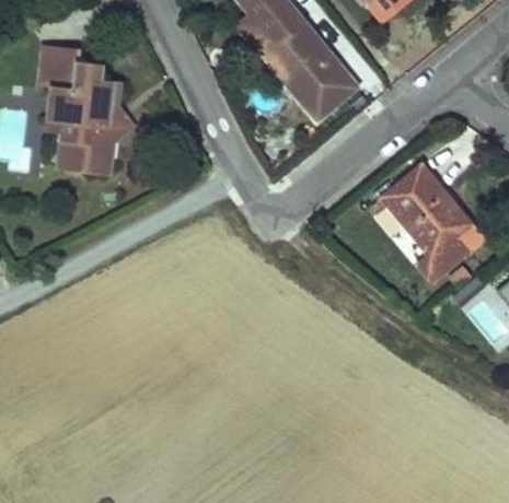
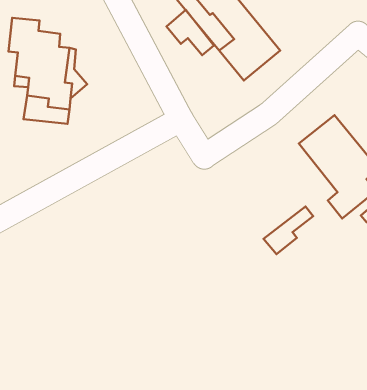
building: none -> [167,10,214,55]
building: none -> [263,207,313,254]

